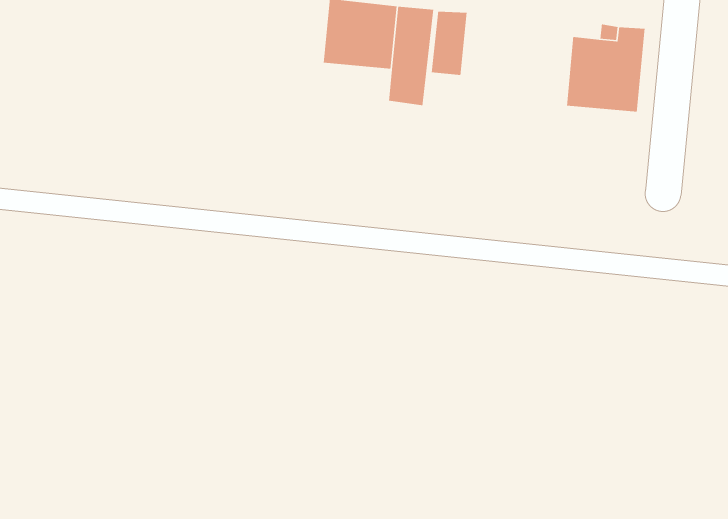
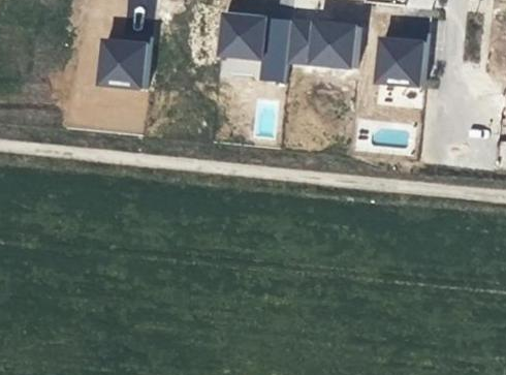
building: none -> [309,23,359,68]
building: none -> [100,35,151,90]

